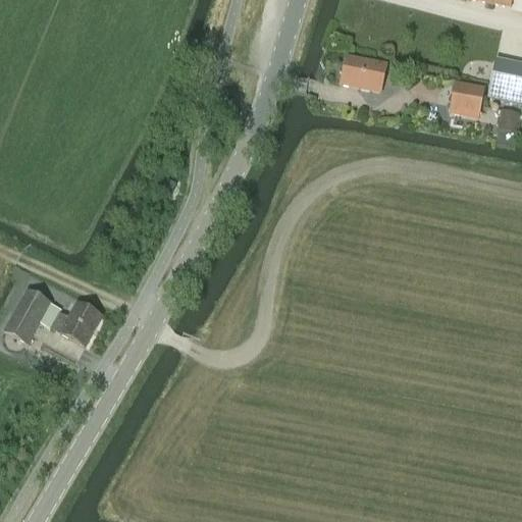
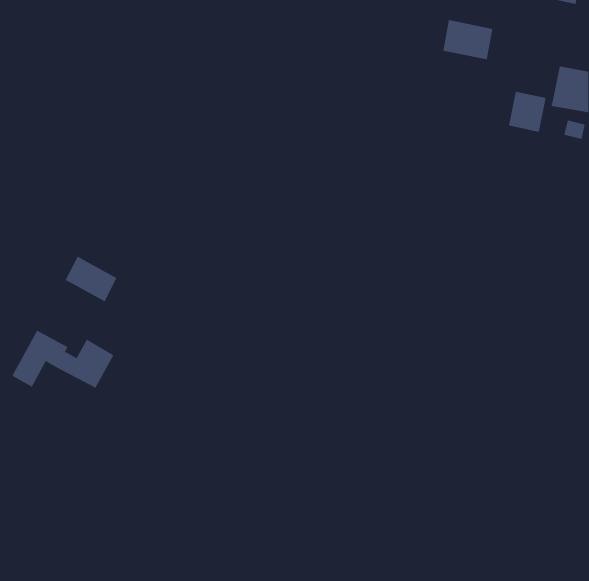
building: [341,53,385,89] -> [443,20,493,60]
building: none -> [65,256,117,302]

